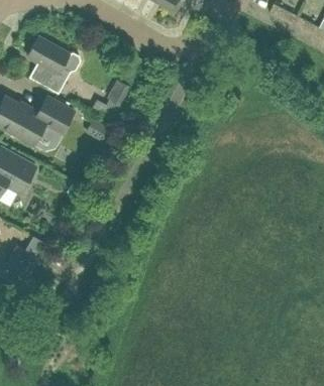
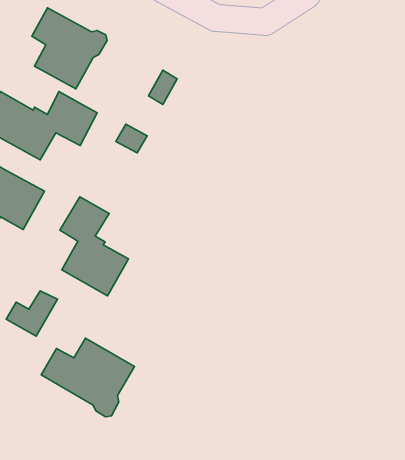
building: none -> [60,197,129,296]
building: none -> [41,338,135,417]

